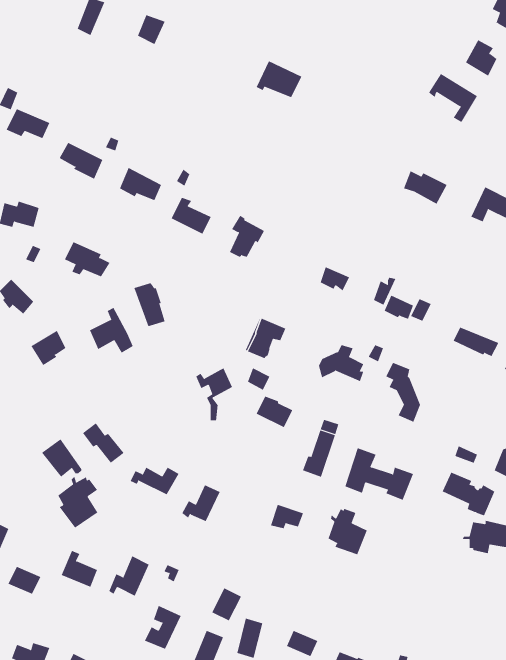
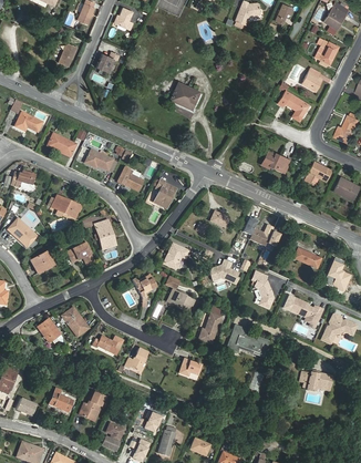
building: [442,472,495,516] -> [287,296,320,323]
building: [57,476,98,528] -> none
building: [328,508,368,555] -> none

